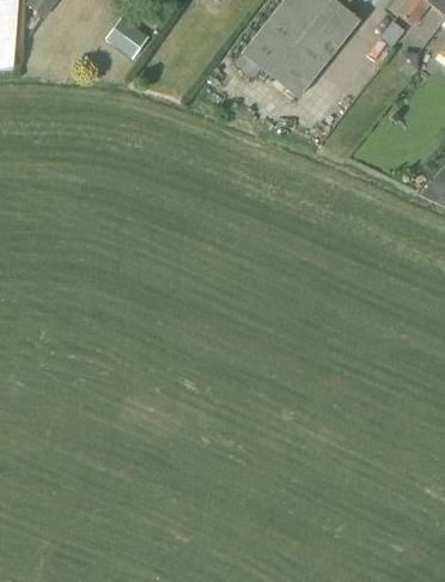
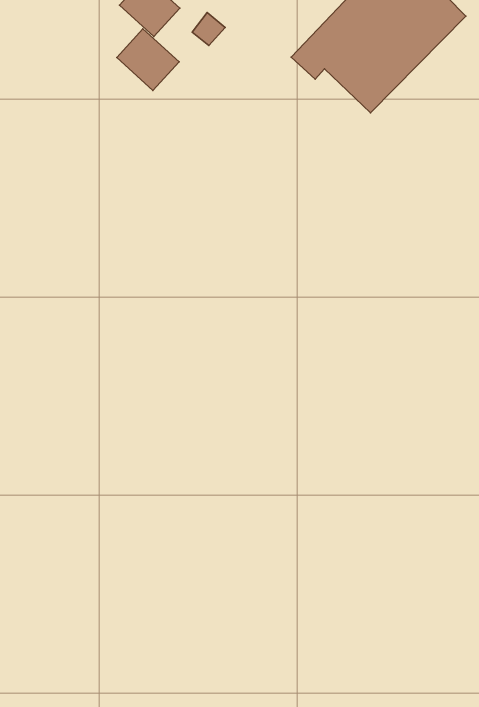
building: none -> [117,29,179,91]

